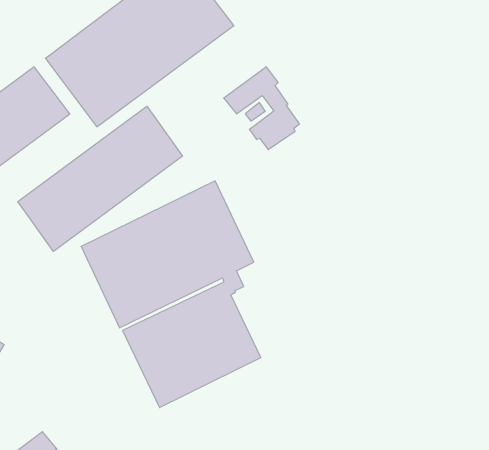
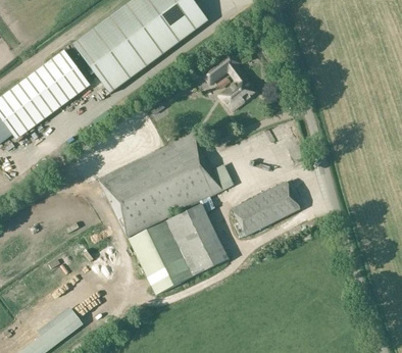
building: [18,106,183,251] -> none
building: none -> [231,181,300,237]

